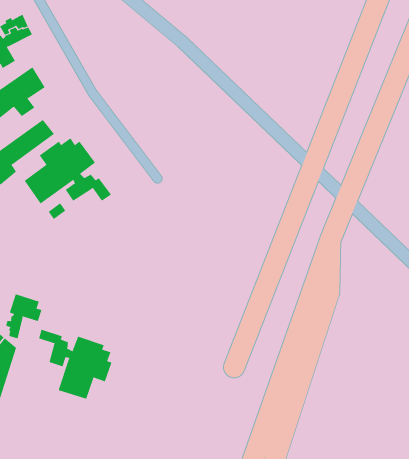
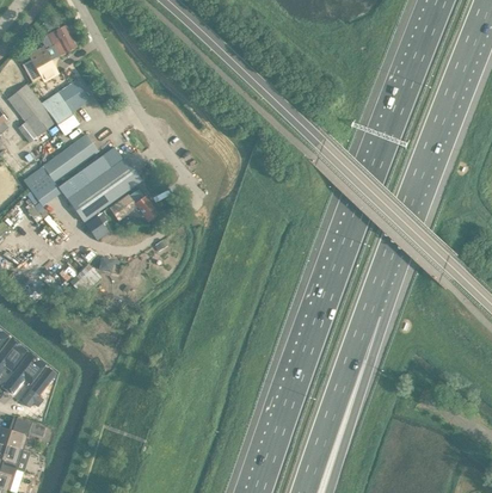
building: [6,293,42,339] -> none
building: [38,329,112,400] -> none

